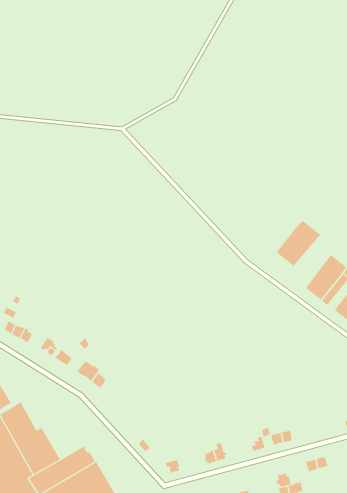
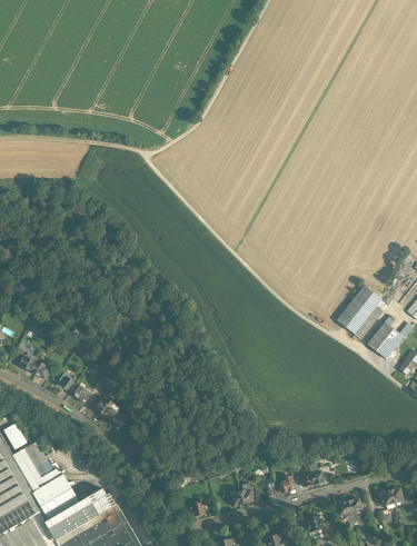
building: [276,219,321,267] -> none

